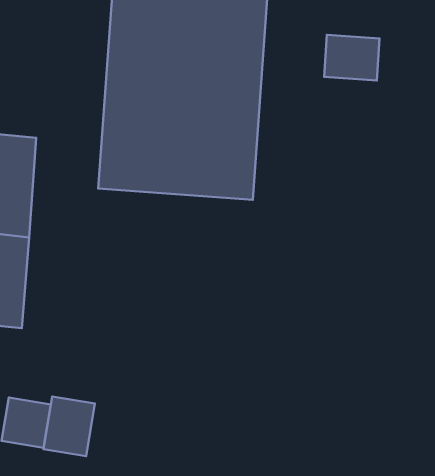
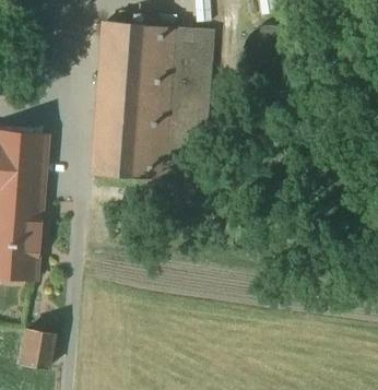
building: [324,35,380,80] -> none
building: [43,396,95,456] -> none

